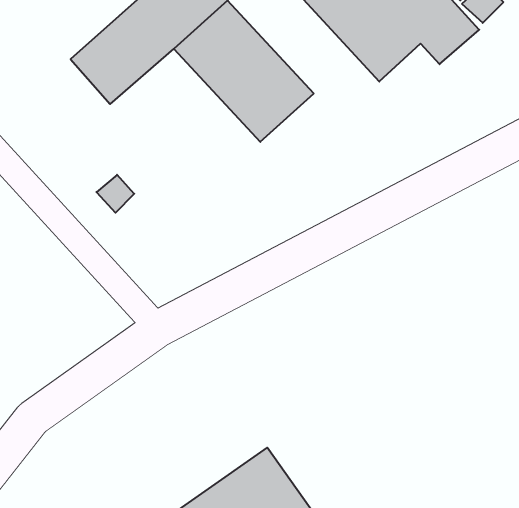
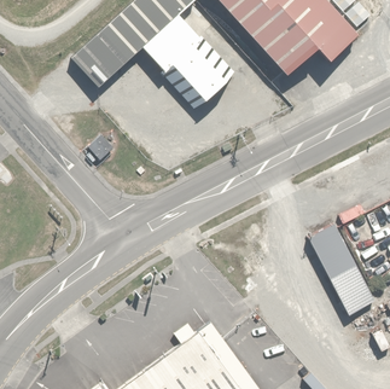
building: none -> [312,225,374,312]

